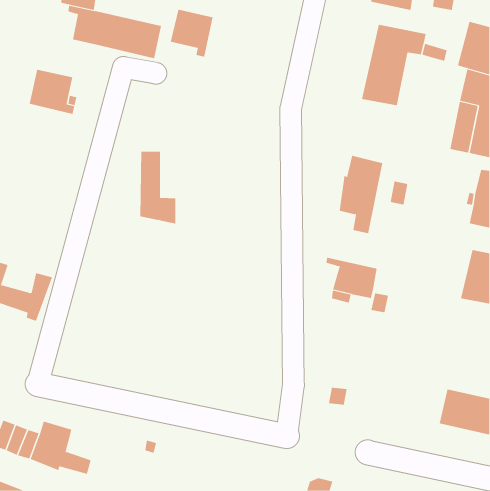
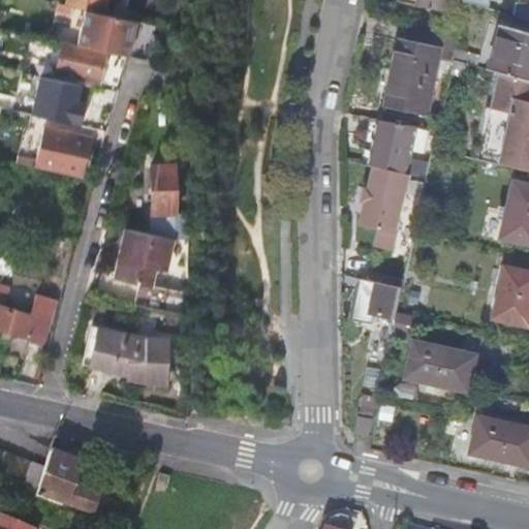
building: [170,9,213,58] -> none
building: none -> [55,39,104,80]
building: none -> [370,120,416,174]
building: none -> [33,126,93,177]
building: none -> [115,228,189,314]
building: none -> [82,322,167,382]
building: none -> [407,341,477,394]

